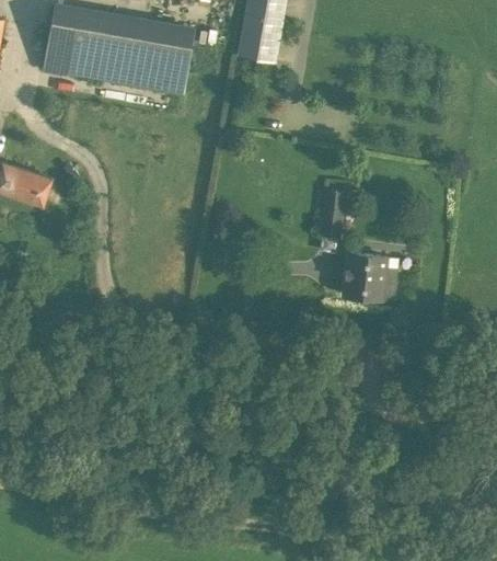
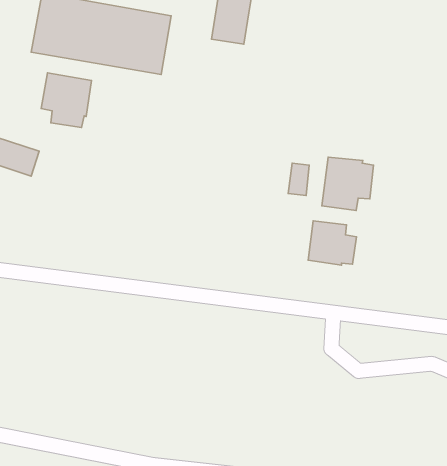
building: none -> [41,73,92,128]
building: none -> [322,157,374,211]

